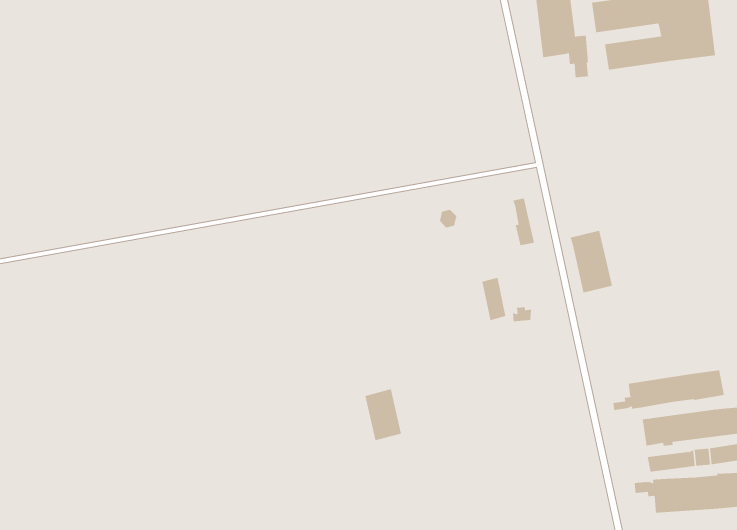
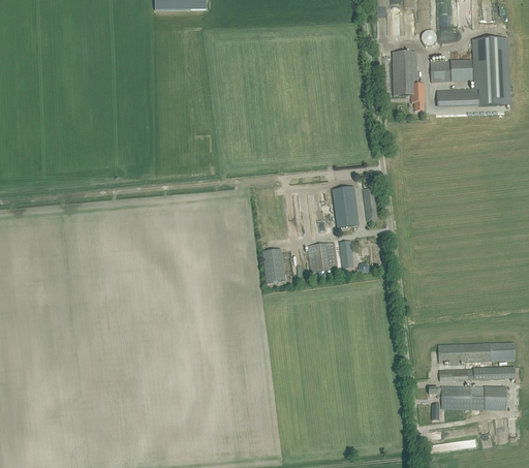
building: [570,230,613,293] -> [333,186,359,227]
building: none -> [307,242,338,273]
building: [613,370,724,411] -> none
building: [364,389,402,441] -> [262,248,285,282]

